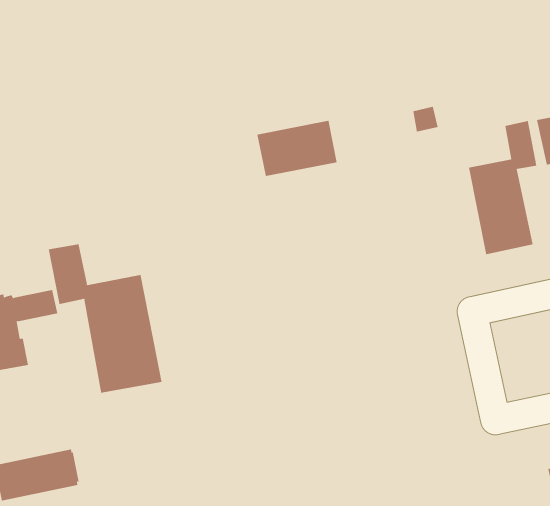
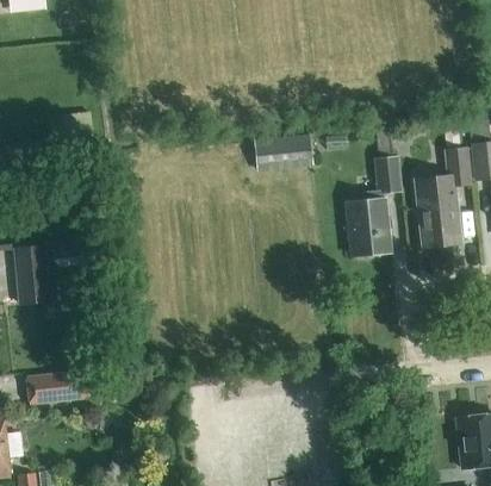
building: none -> [346,157,399,255]
building: [48,244,162,393] -> none

